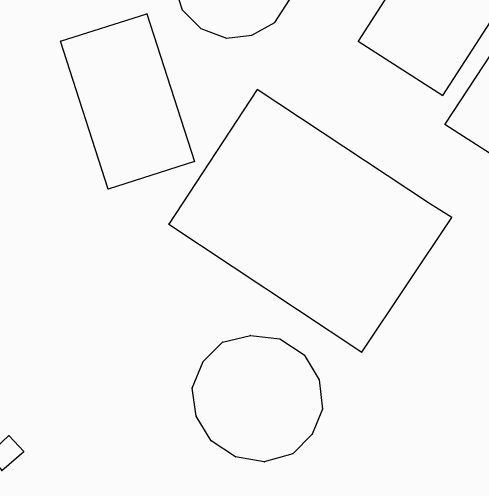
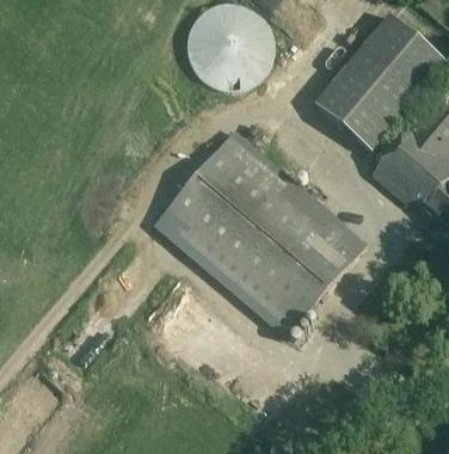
building: [61,14,194,189] -> none
building: [192,335,322,462] -> none

